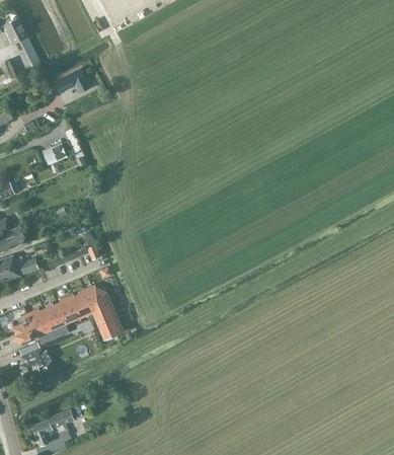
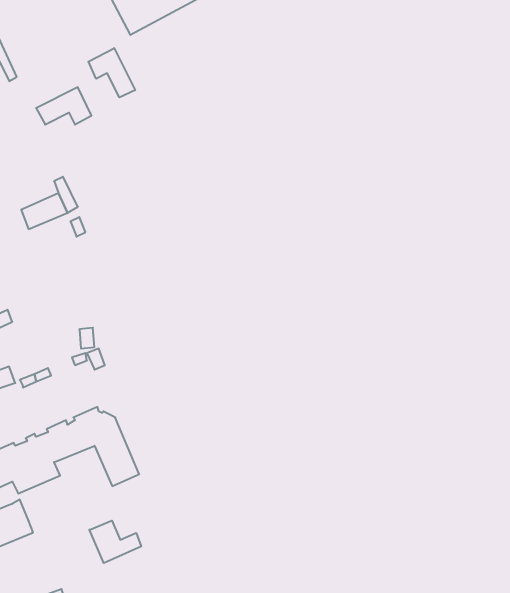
building: none -> [88,48,135,97]
building: none -> [89,521,141,563]

